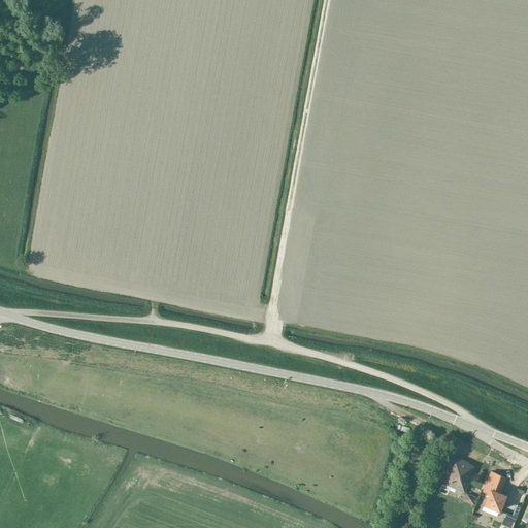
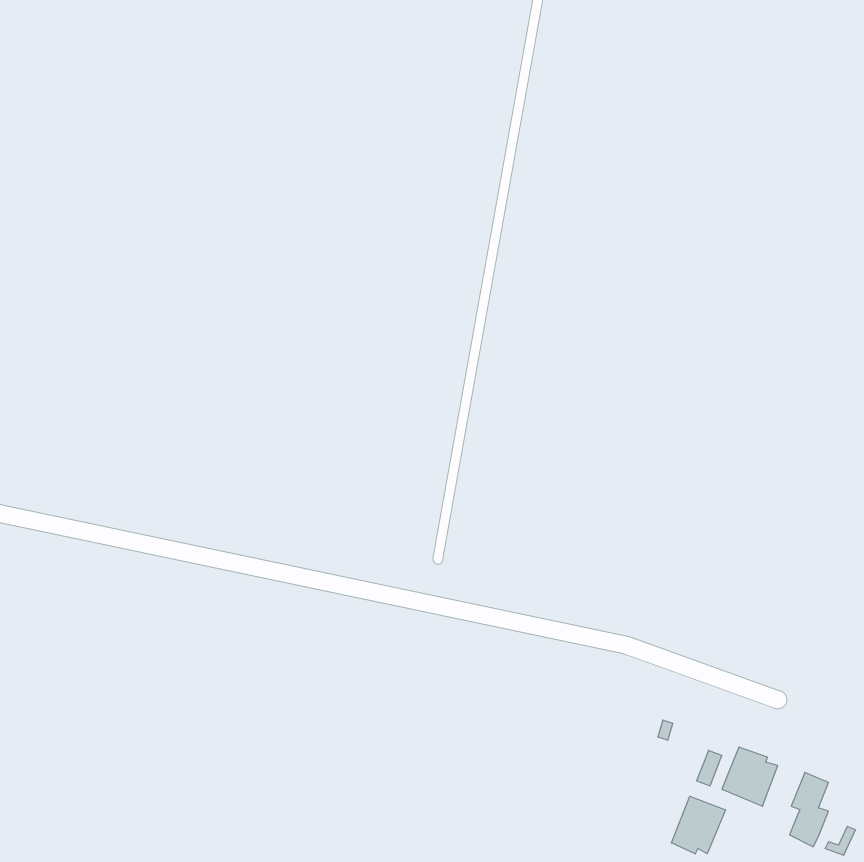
building: none -> [671,796,726,854]

